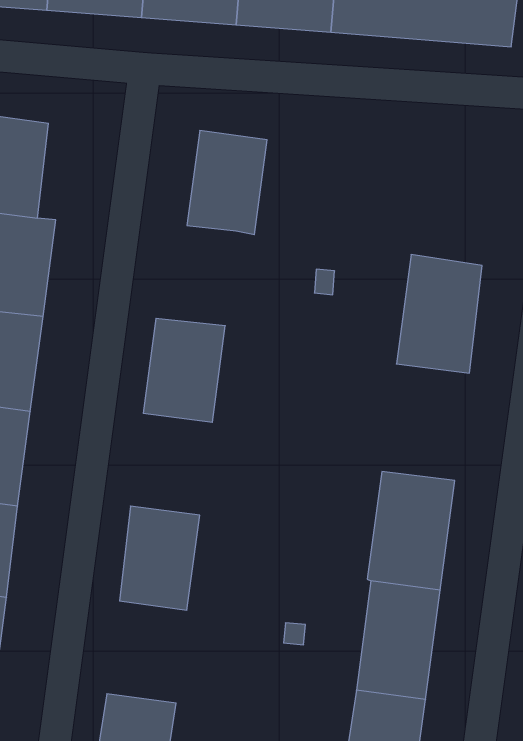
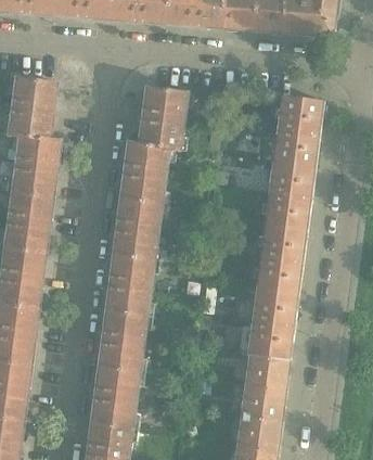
building: none -> [272,93,323,166]
building: none -> [120,140,168,202]
building: none -> [255,225,307,294]
building: none -> [105,254,154,315]
building: none -> [91,366,139,426]

